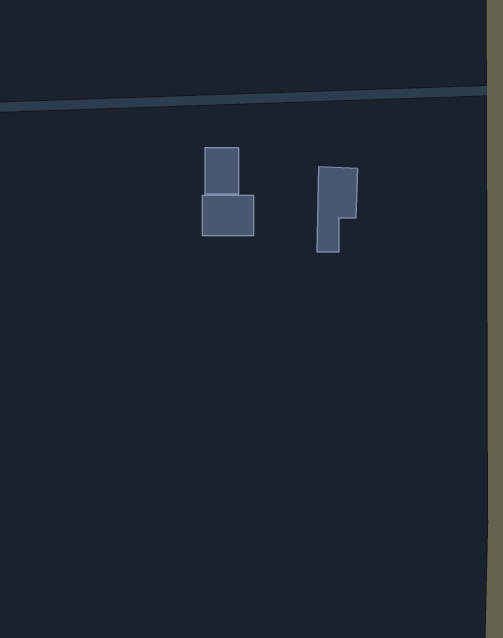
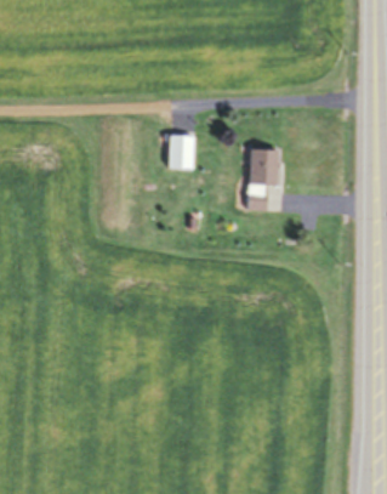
building: [203,195,253,236] -> none

